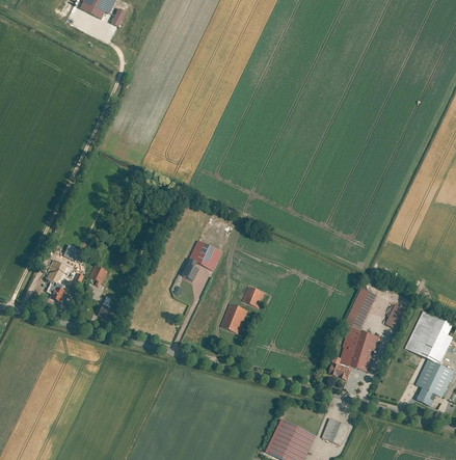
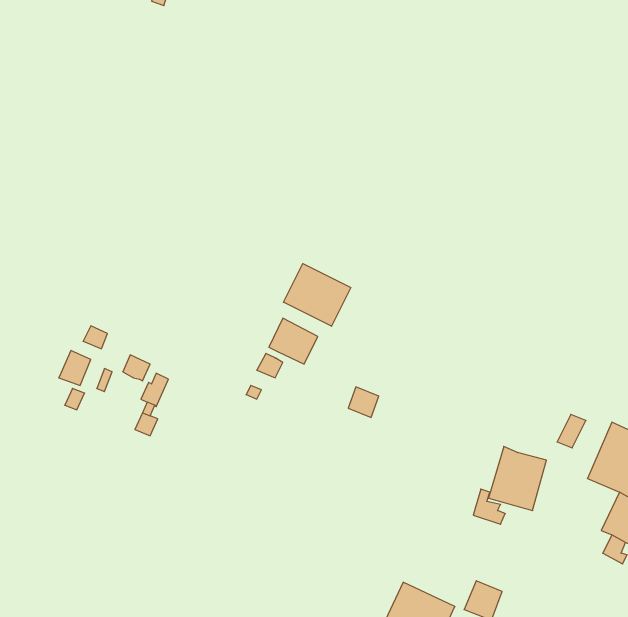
building: none -> [283,264,351,326]
building: [344,289,375,330] -> none
building: [221,303,247,332] -> none

